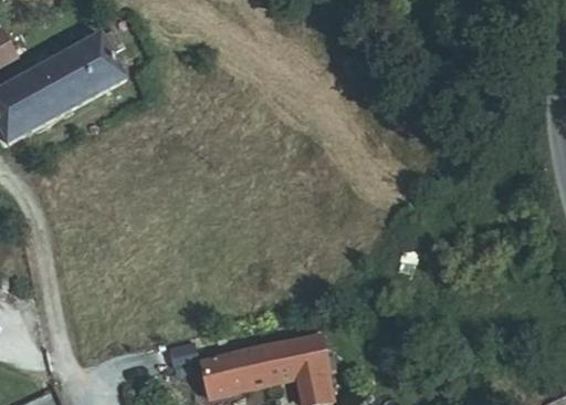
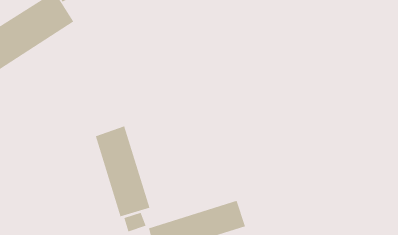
building: none -> [95,125,150,217]

